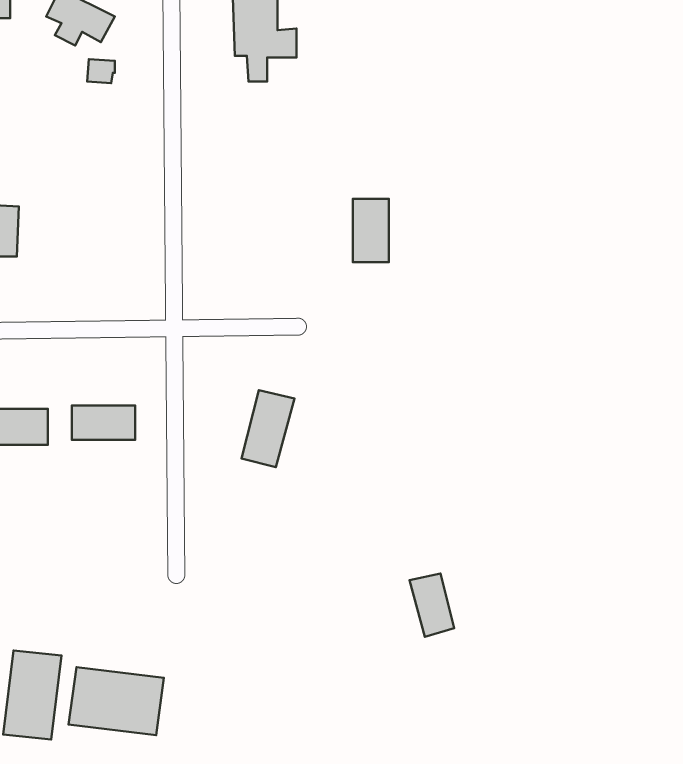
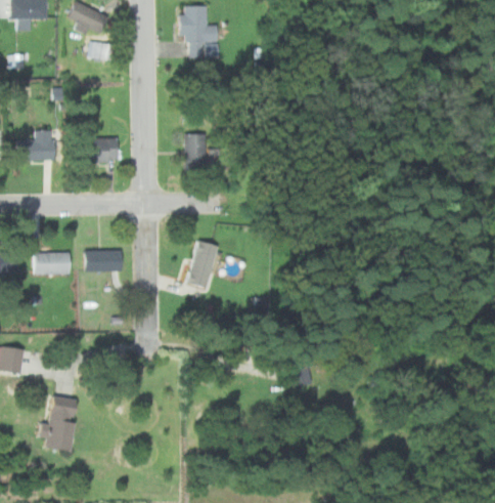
building: [353,199,389,262] -> [185,133,207,171]
building: none -> [84,138,119,161]
building: [69,667,164,735] -> none

